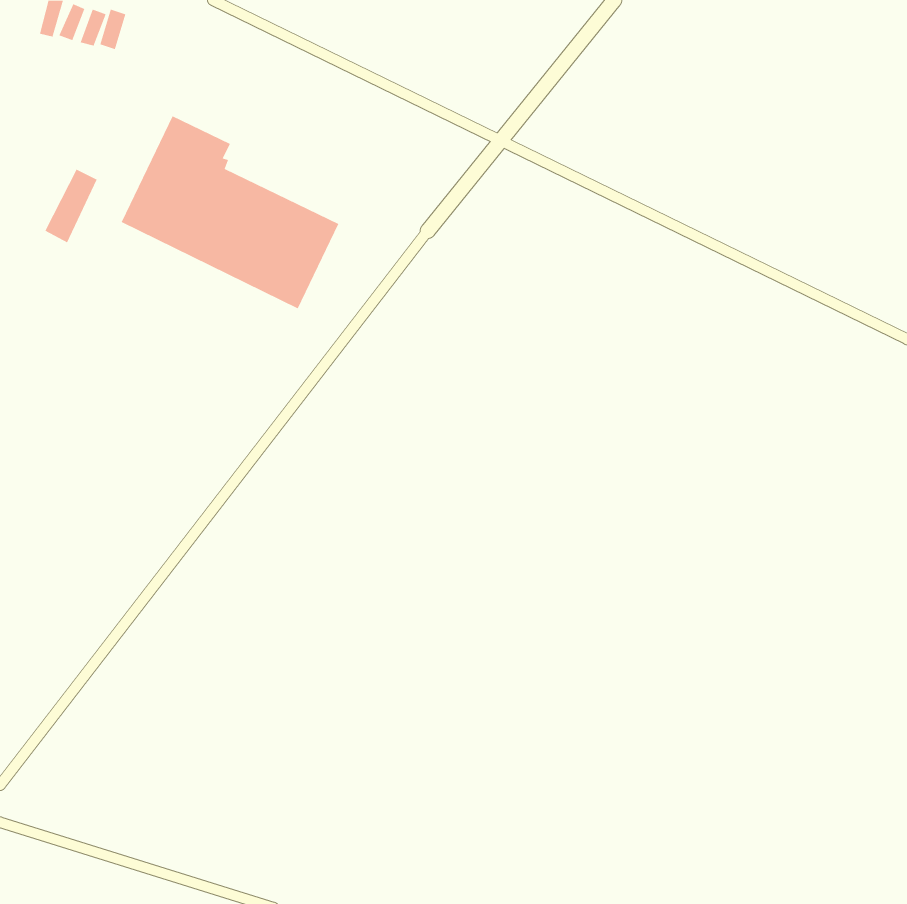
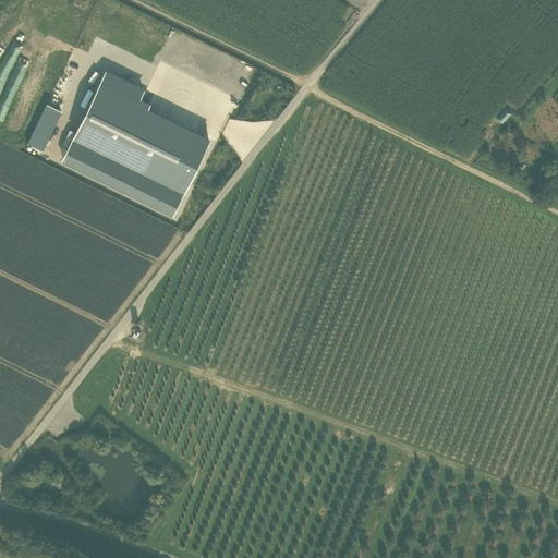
building: none -> [63,138,183,215]

